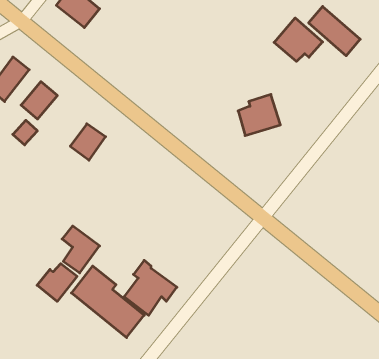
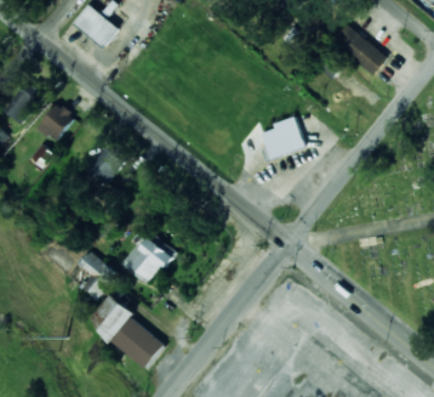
building: [274,18,323,61] -> none
building: [124,260,177,315] -> [120,227,175,284]
building: [37,264,77,301] -> none

